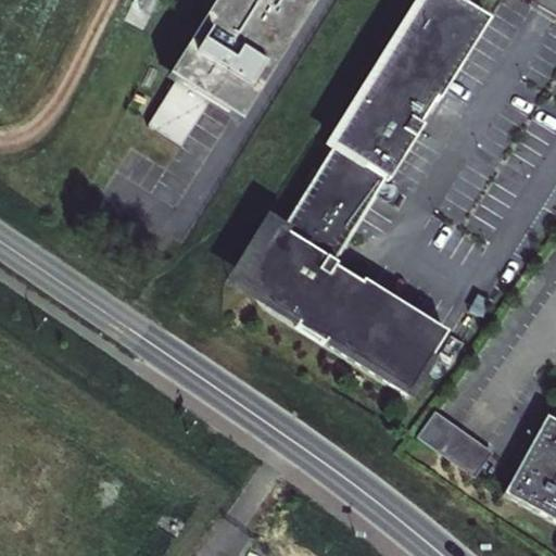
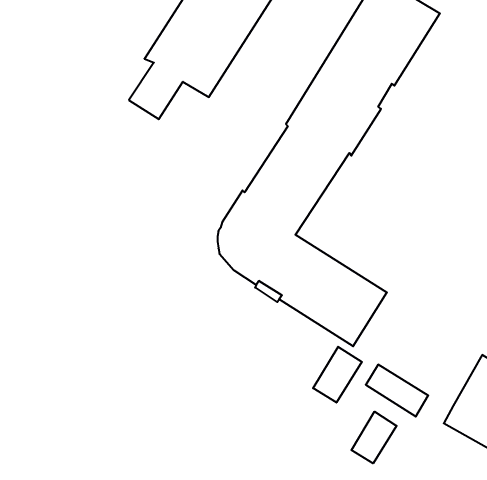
building: none -> [313,347,362,403]
building: none -> [351,412,397,463]

